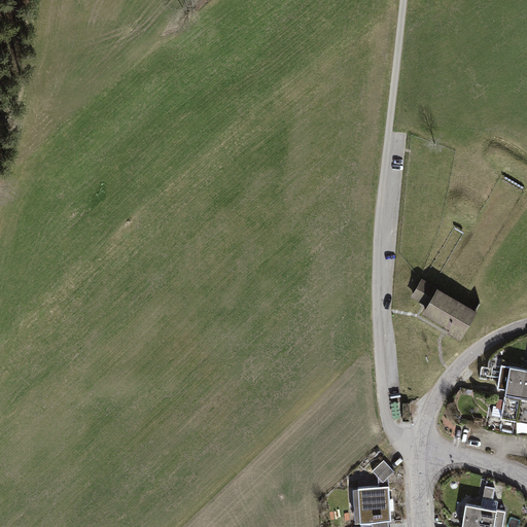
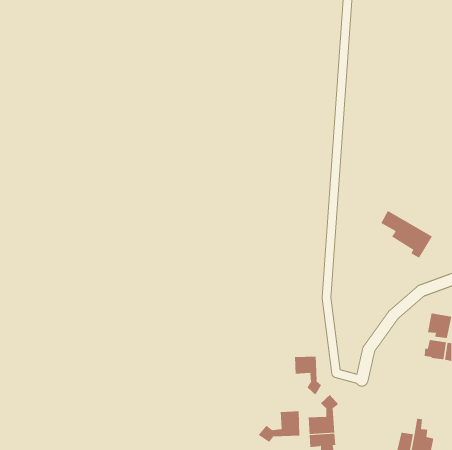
building: [414,282,475,339] -> [381,210,433,259]
building: none -> [294,356,322,395]
building: none -> [258,411,300,443]

